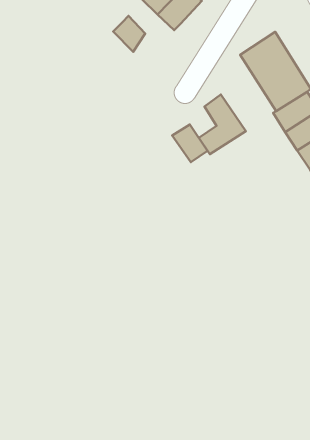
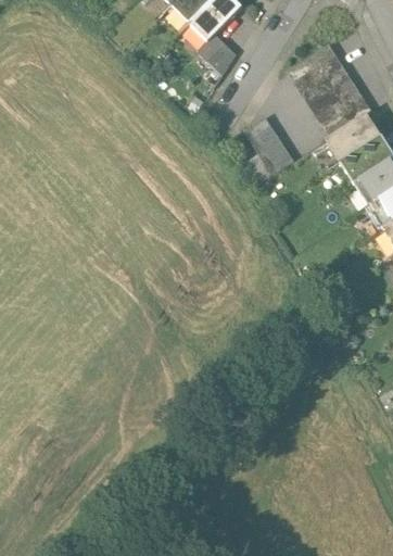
building: [113,16,145,52] -> [199,34,237,76]
building: [172,124,208,162] -> none

